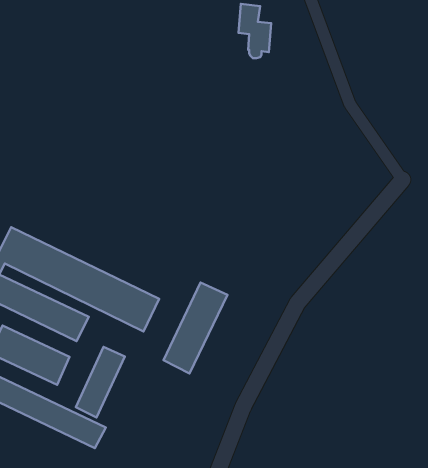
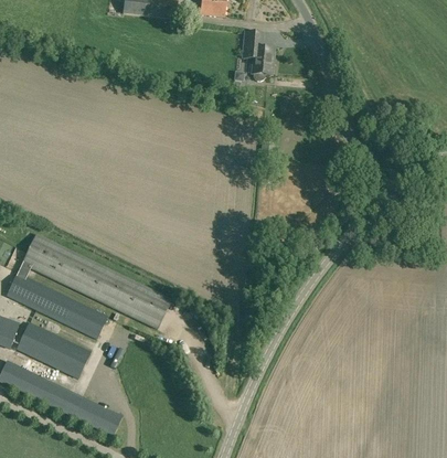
building: [164,282,227,374] -> none
building: [76,347,125,417] -> none

